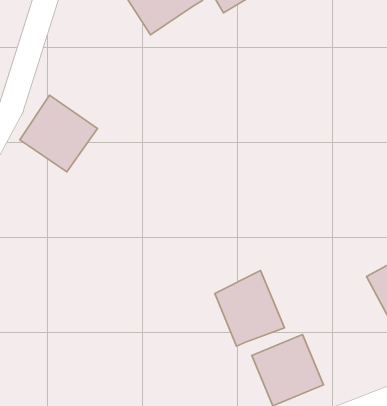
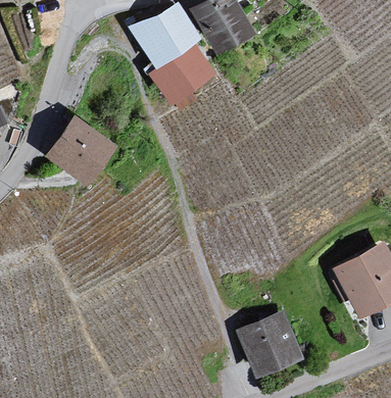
building: none -> [150,43,211,100]
building: [215,270,284,346] -> none

